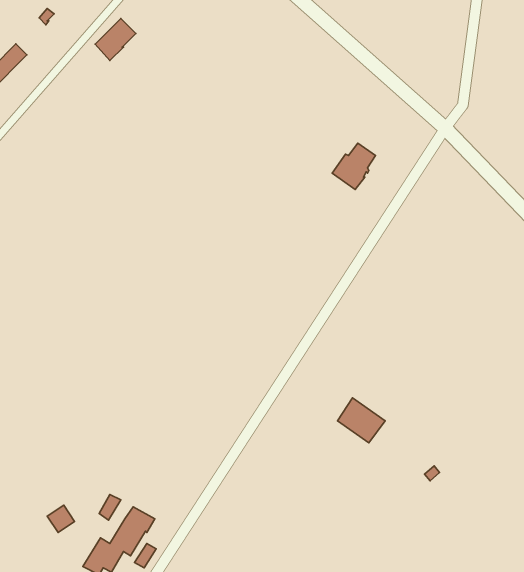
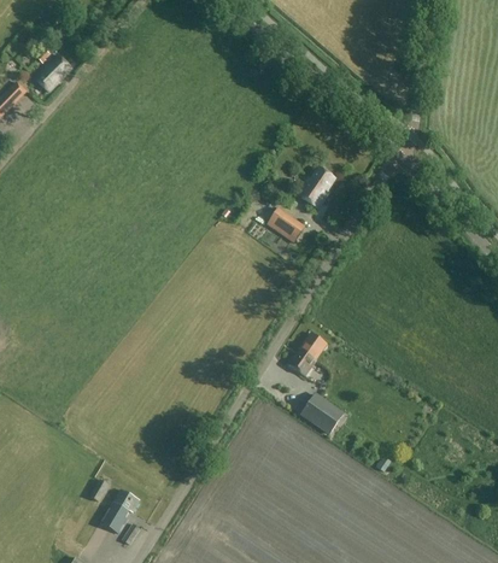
building: [95,18,136,61] -> [35,54,71,92]
building: none -> [268,207,303,242]
building: none -> [288,332,327,375]

